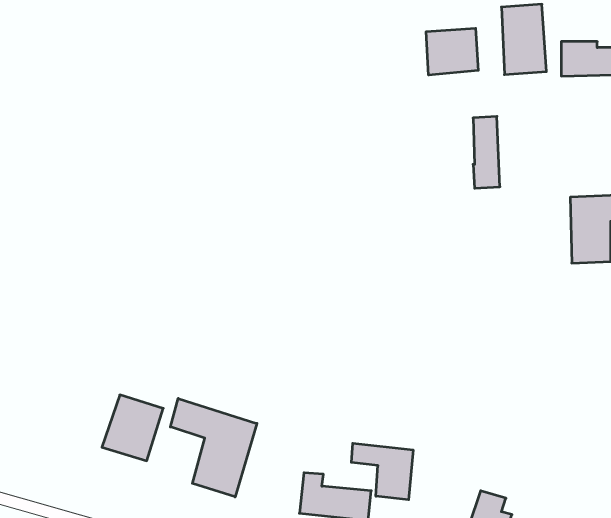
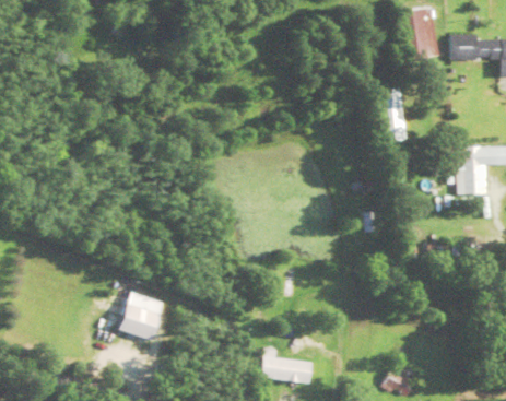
building: [426,28,478,75] -> none
building: [170,398,257,497] -> none
building: [351,443,413,500] -> none

